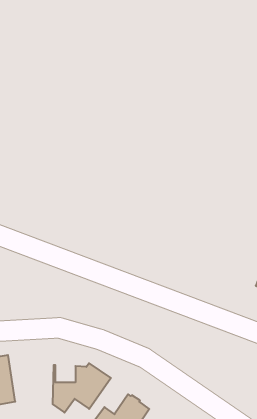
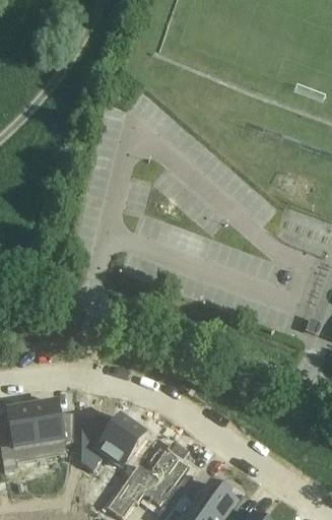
building: none -> [31,400,74,457]

